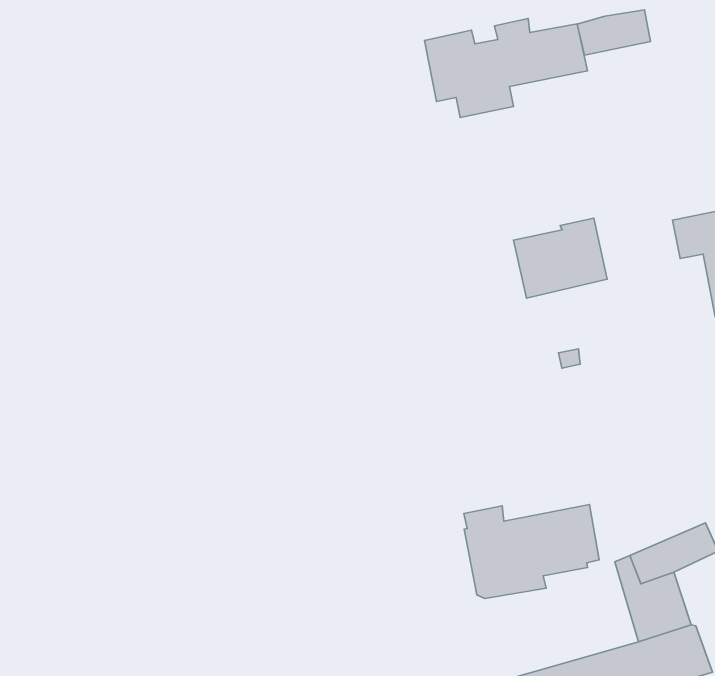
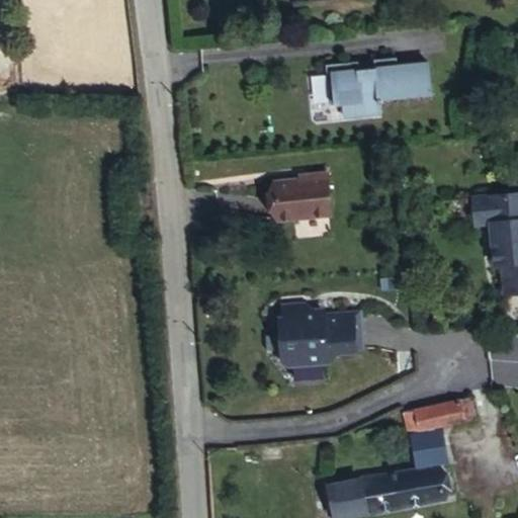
building: [577,10,650,55] -> none
building: [513,218,607,298] -> [271,173,329,220]
building: [464,505,599,598] -> [276,305,361,363]

